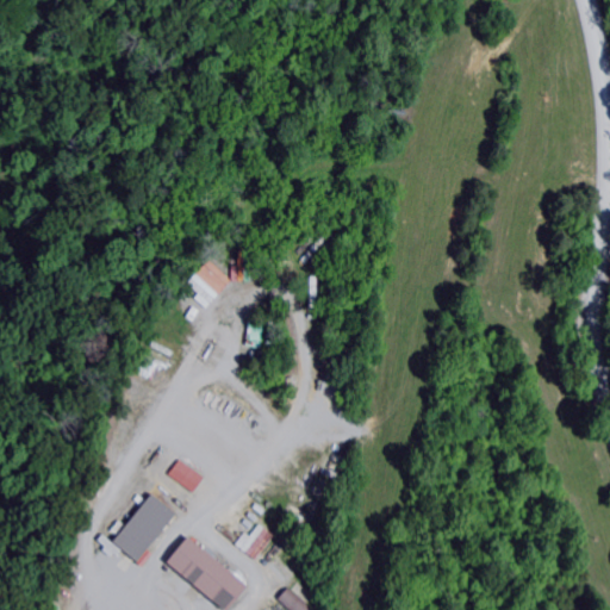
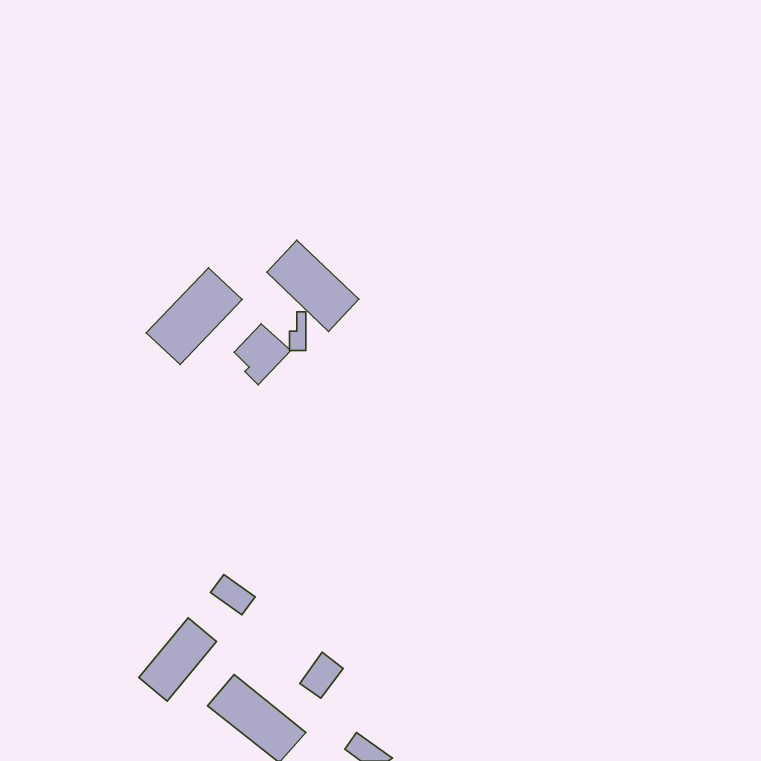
building: none -> [267,240,359,331]
building: none -> [146,268,242,364]

